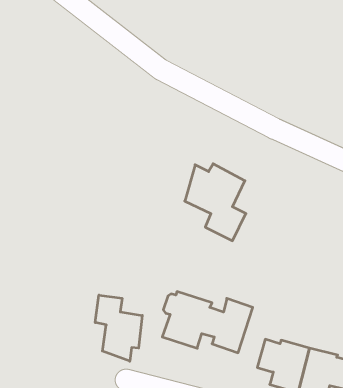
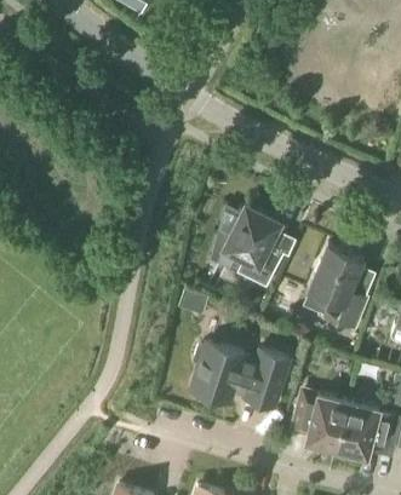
building: none -> [308,244,366,328]
building: [95,295,142,361] -> none

